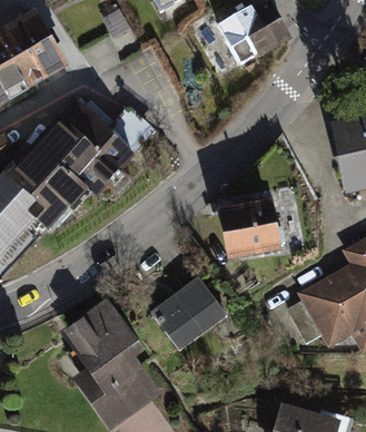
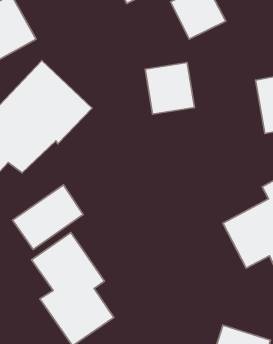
building: [216,190,275,252] -> [145,63,195,114]
building: none -> [12,185,83,249]
building: [151,268,229,346] -> none

